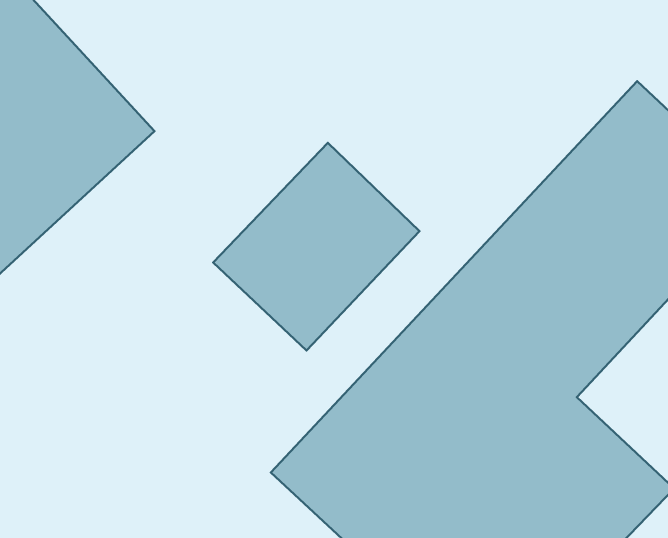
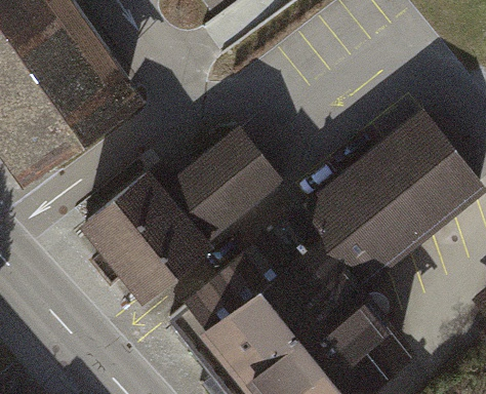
building: none -> [81,167,213,300]

